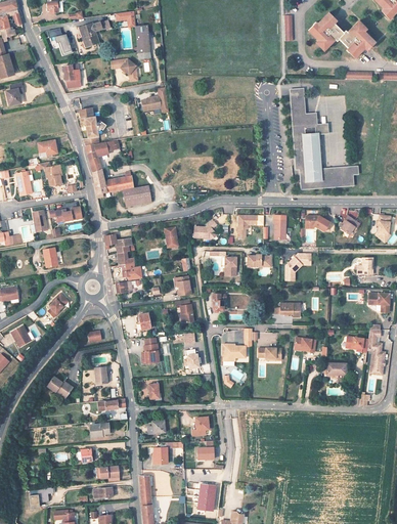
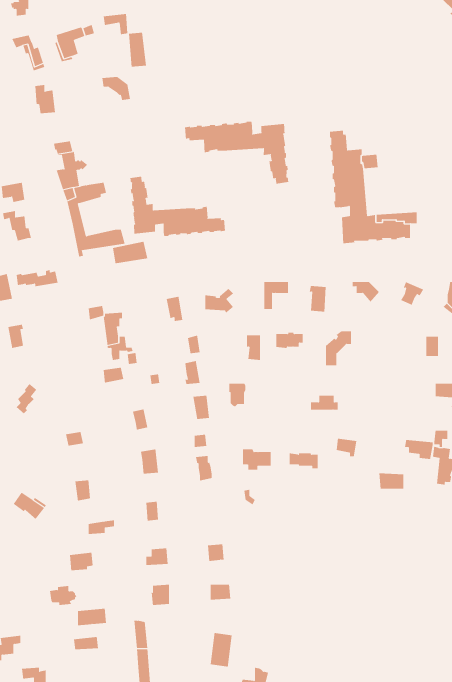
building: [308,13,374,57] -> none
building: [142,88,168,114] -> none
building: none -> [185,121,289,184]
building: none -> [130,176,225,237]

